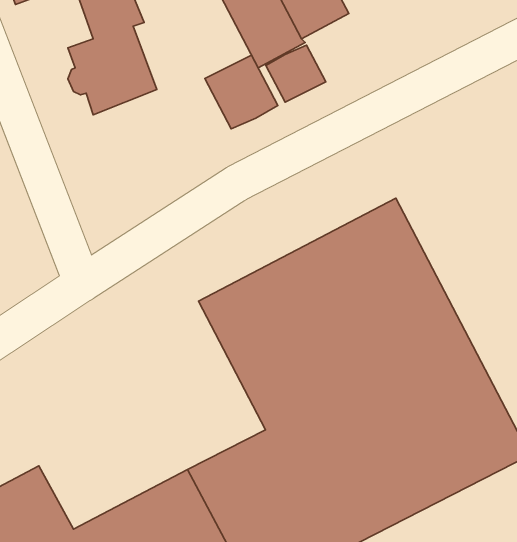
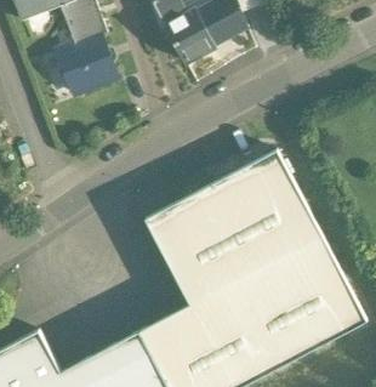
building: [266,45,326,102] -> none
building: [205,55,278,129] -> none

